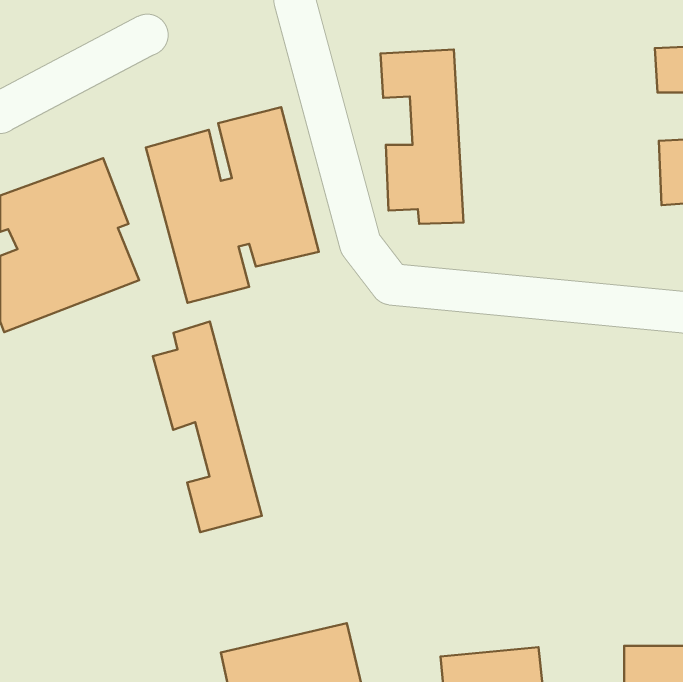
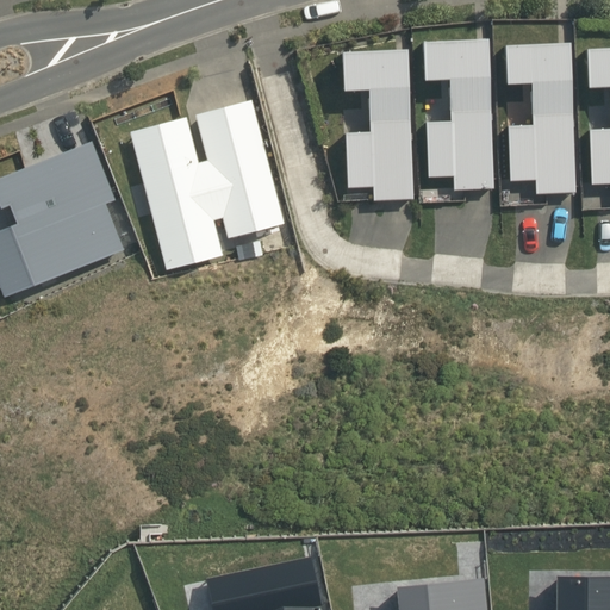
building: none -> [421,37,493,192]
building: none -> [502,39,577,195]
building: [153,322,262,532] -> none

